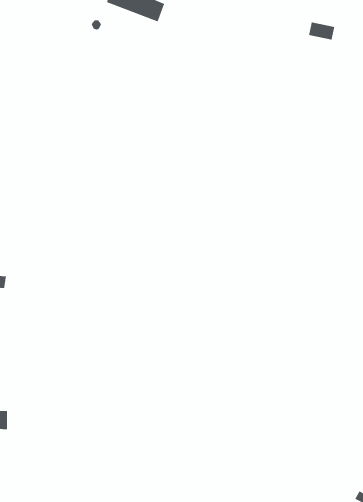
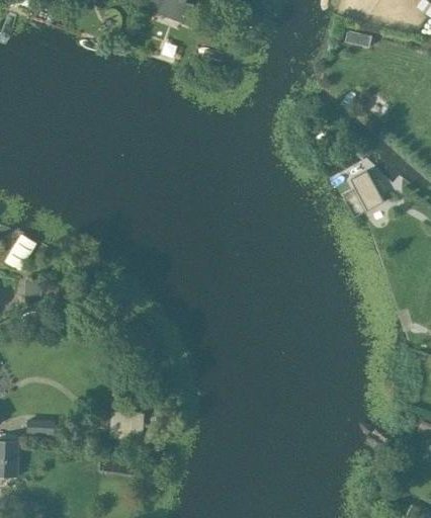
building: none -> [350,171,384,211]

